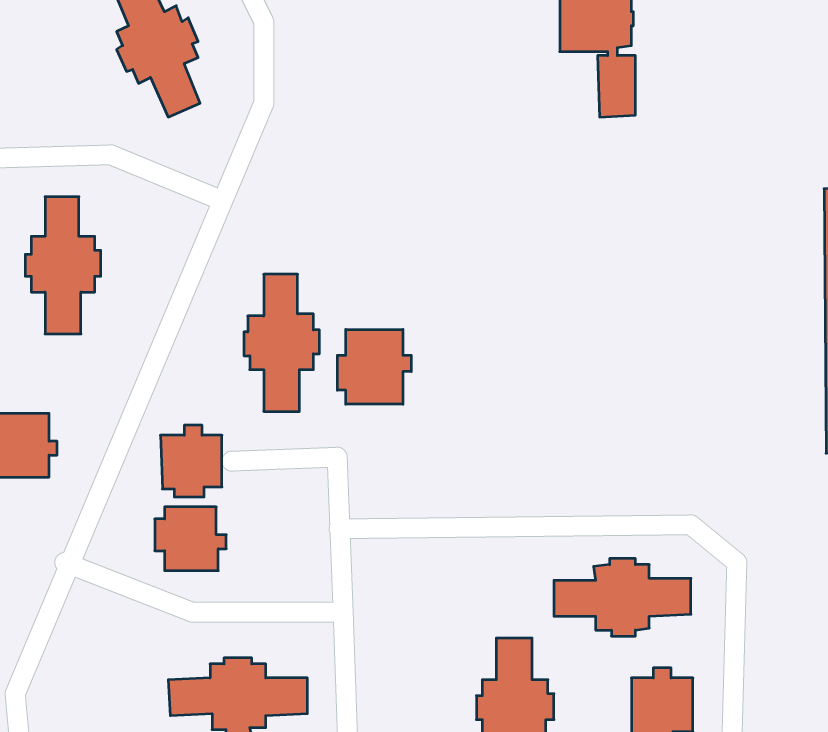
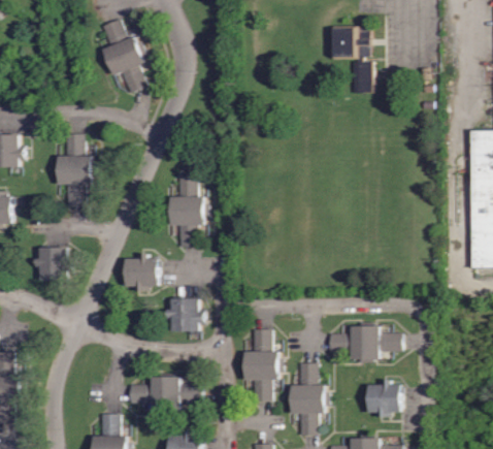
building: [337,329,411,404] -> none
building: [155,507,226,571] -> [166,298,203,331]
building: none -> [242,330,282,402]

